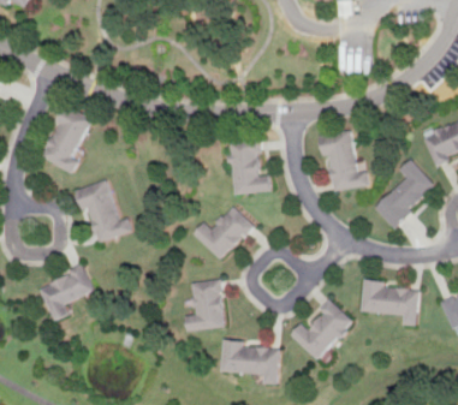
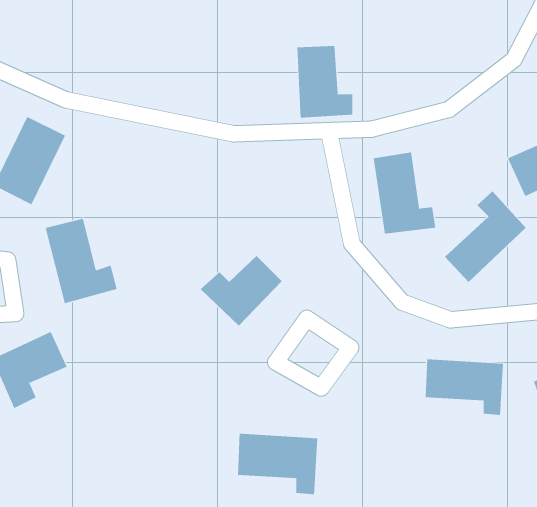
building: [227,139,269,193] -> [296,45,353,118]
building: [185,279,226,330] -> none
building: [290,302,353,362] -> none

